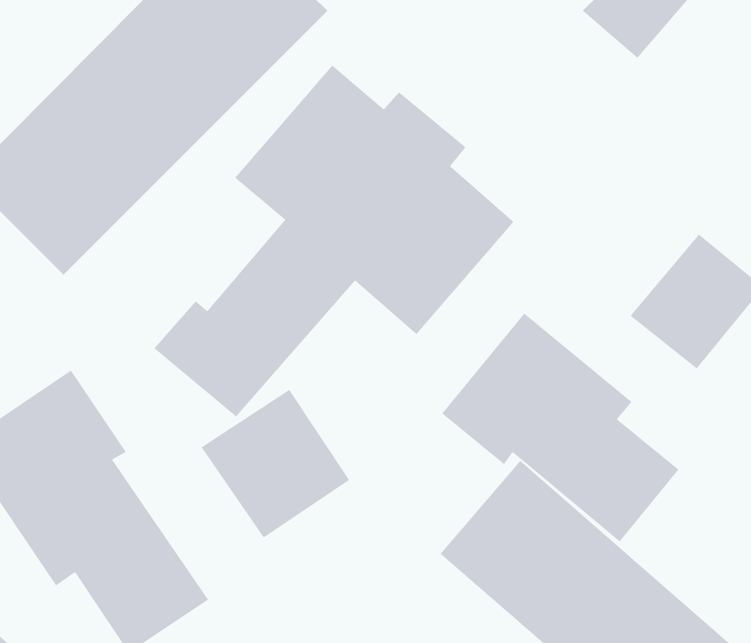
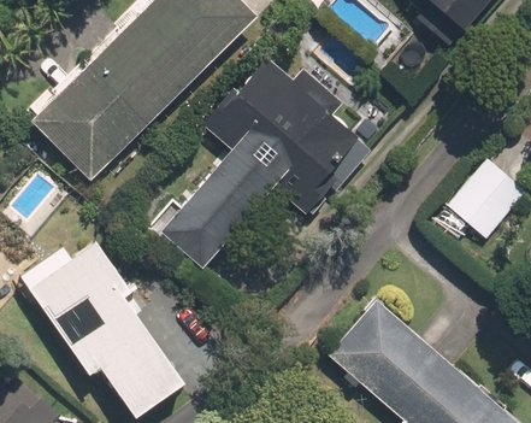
building: [441,312,679,543] -> none
building: [200,389,350,539] -> none

